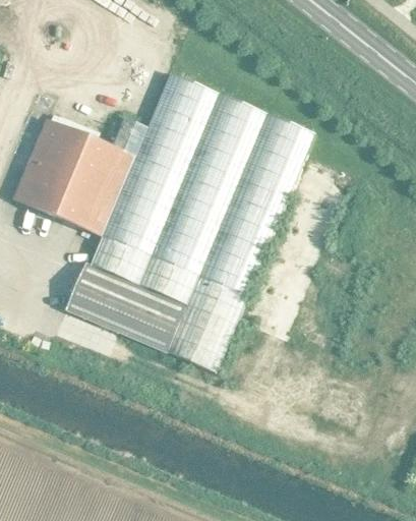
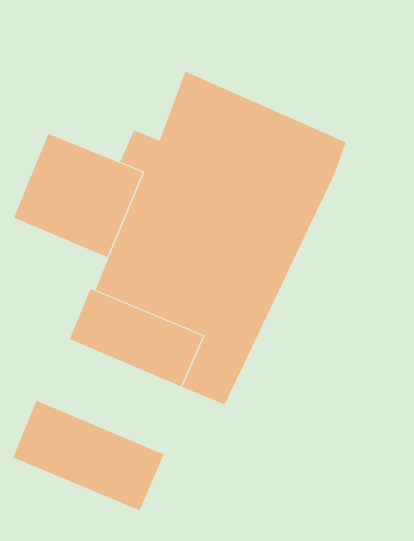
building: none -> [13,400,164,511]

